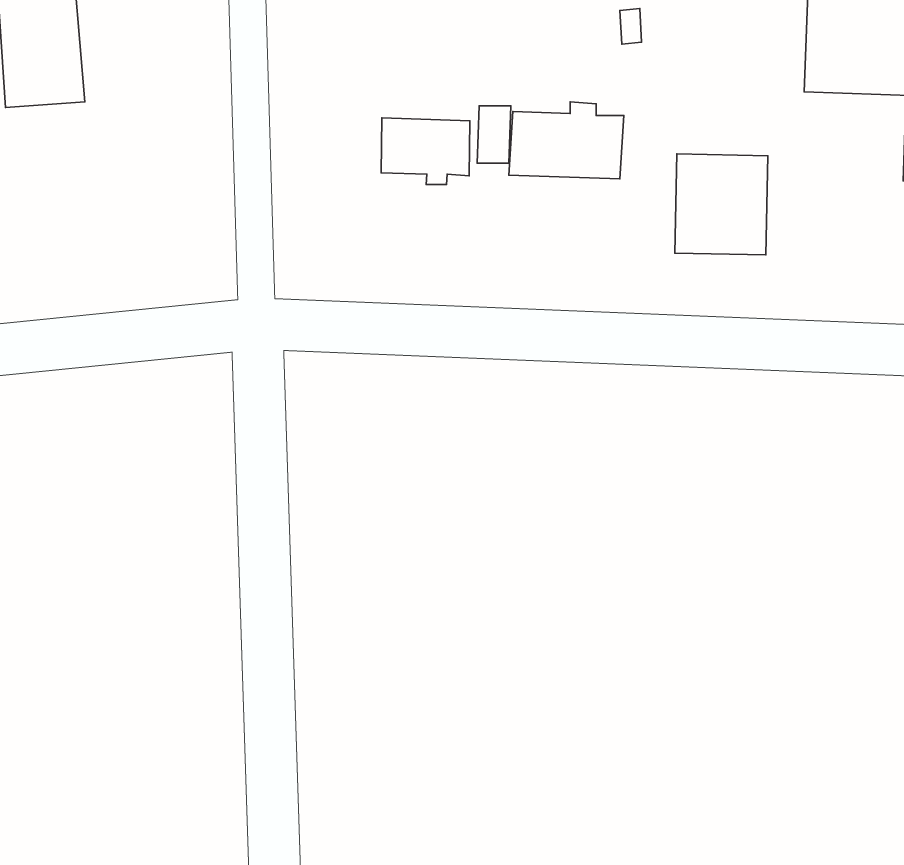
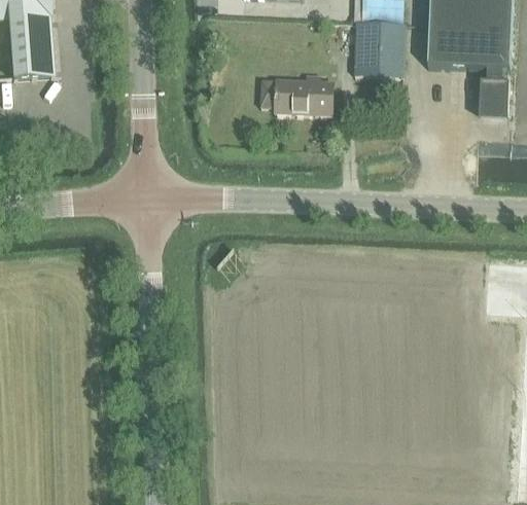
building: [381,118,470,185] -> none
building: [675,154,768,255] -> [354,26,402,78]

